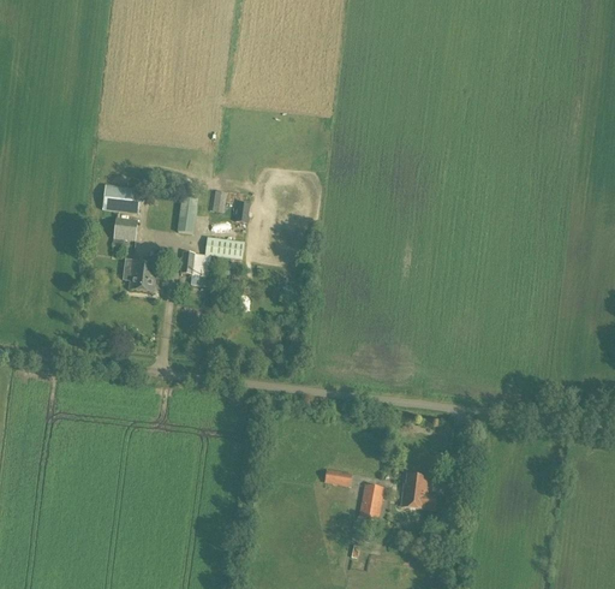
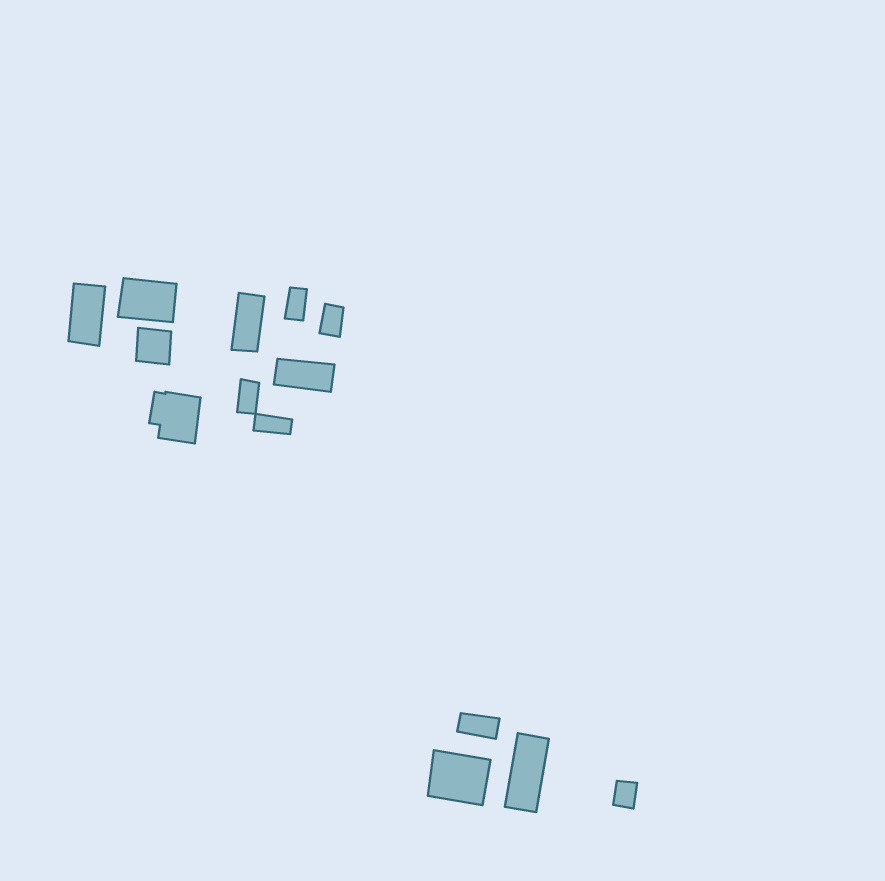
building: none -> [68,284,105,346]
building: [402,474,437,510] -> none
building: none -> [428,750,491,805]

